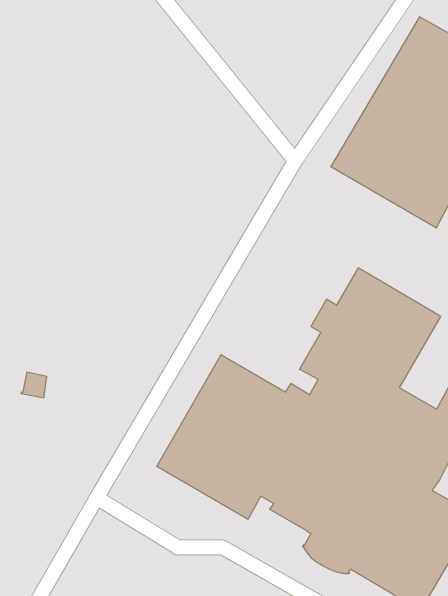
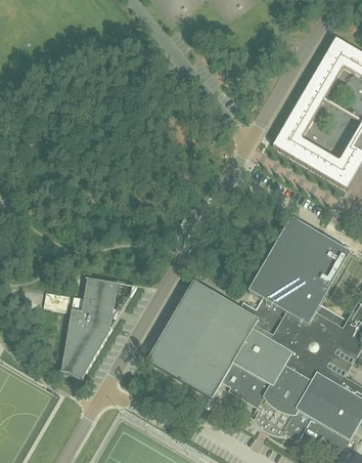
building: none -> [59,276,120,379]

